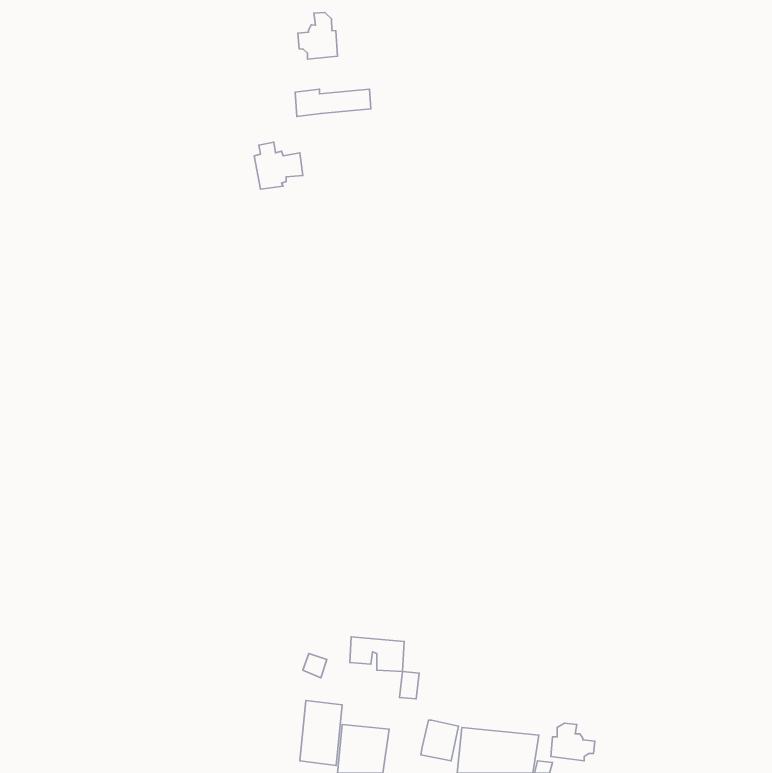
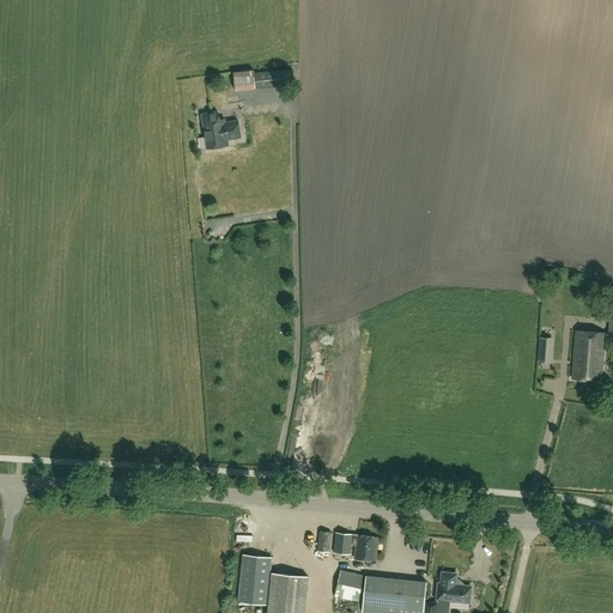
building: [298,12,337,59] -> none
building: none -> [571,330,603,381]
building: [350,637,404,672] -> [333,533,376,560]

